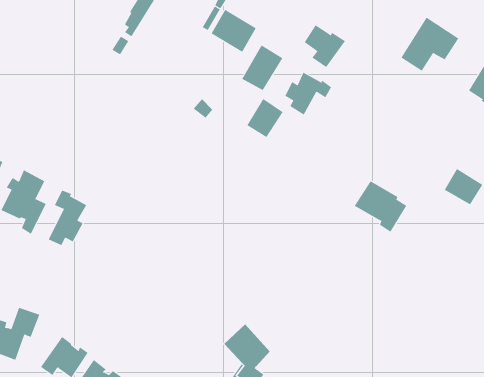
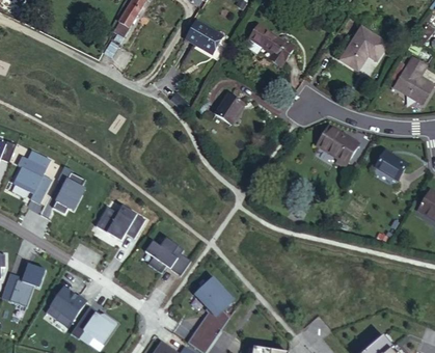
building: [242,45,283,91] -> none
building: [285,72,332,116] -> none
building: [354,180,407,233] -> [315,125,358,167]
building: none -> [96,205,147,241]
building: none -> [145,237,191,275]

